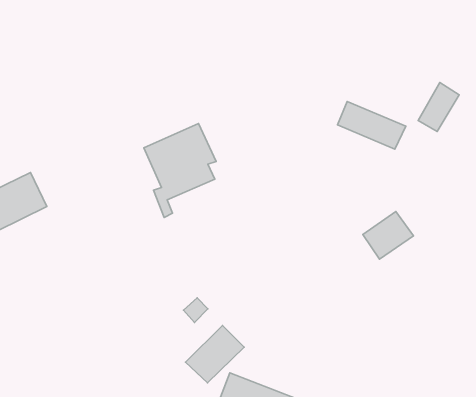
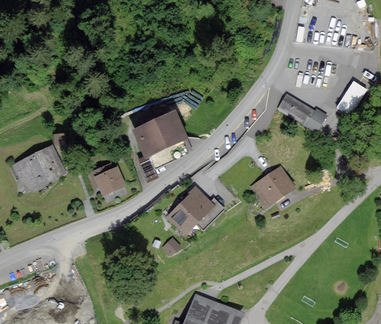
building: none -> [90,165,124,193]
building: [363,211,413,259] -> [255,169,292,204]
building: [186,325,244,383] -> [169,189,212,231]

